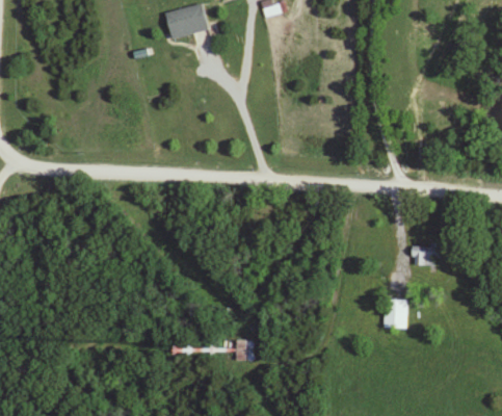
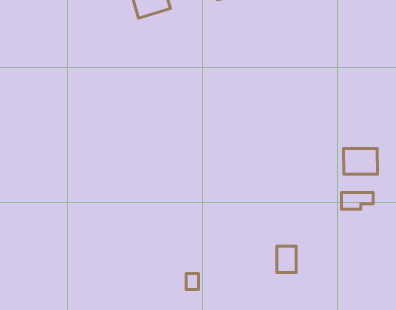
building: none -> [343,148,377,174]
building: [384,297,406,329] -> [277,246,296,273]

